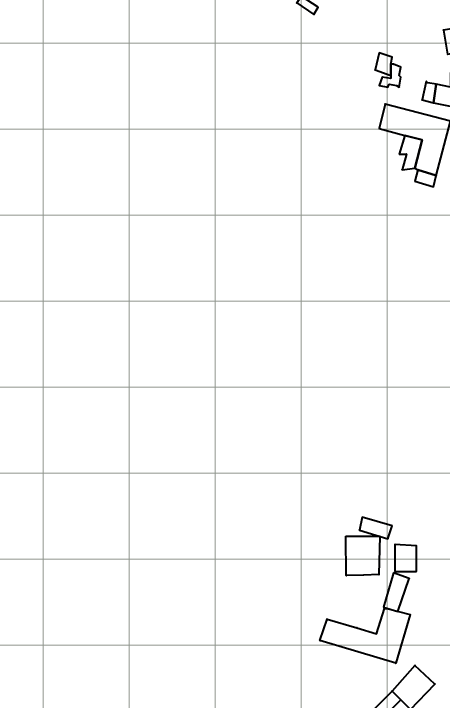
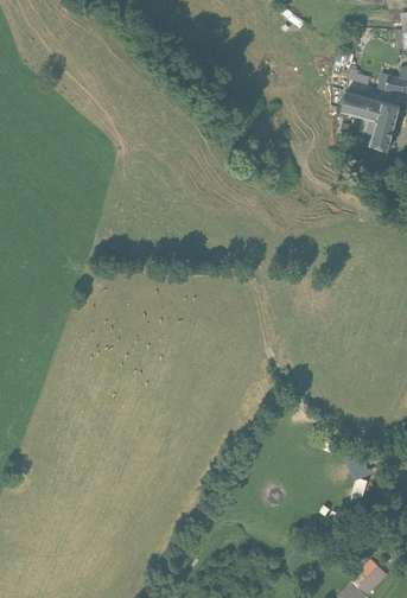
building: [346,536,380,576] -> none
building: [320,608,410,663] -> none

